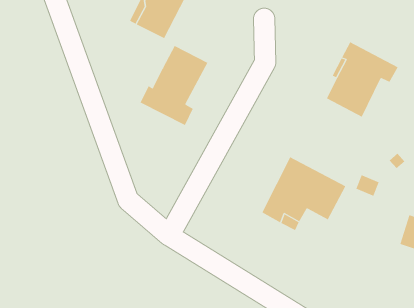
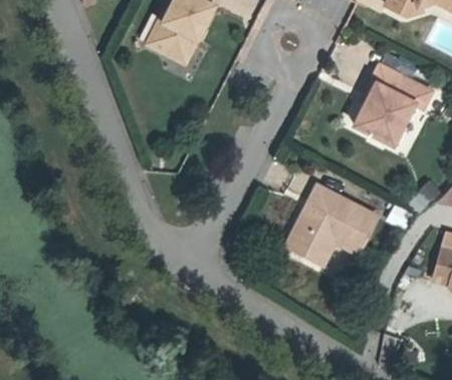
building: [140,45,208,126] -> none

